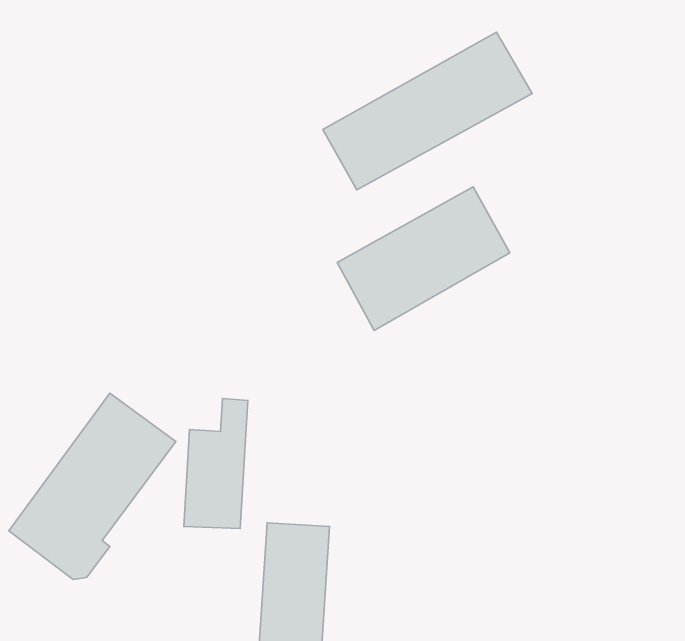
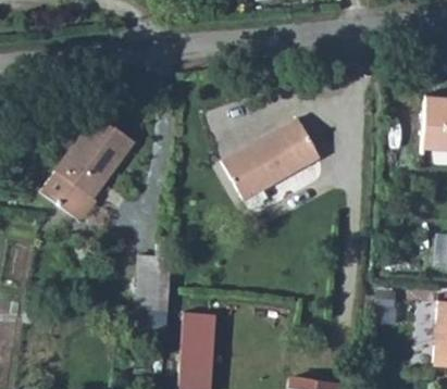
building: [323,32,532,190] -> none
building: [9,393,176,579] -> [41,114,135,218]

